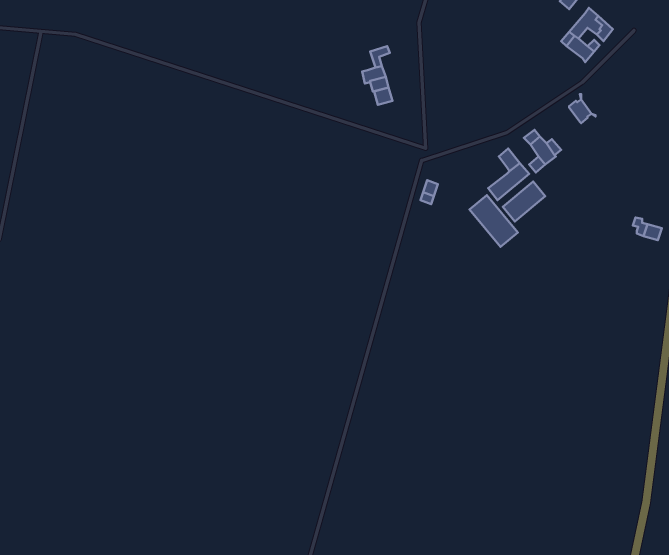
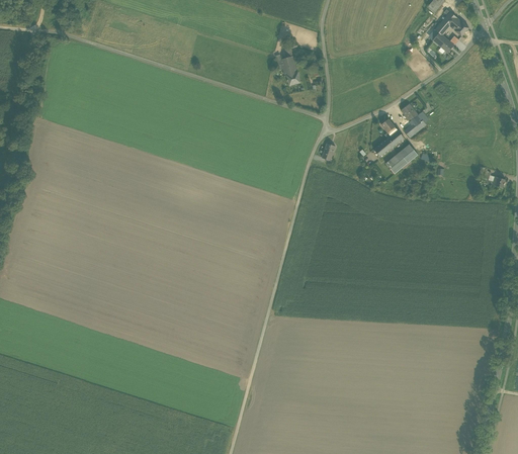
building: [470,195,518,247] -> none

